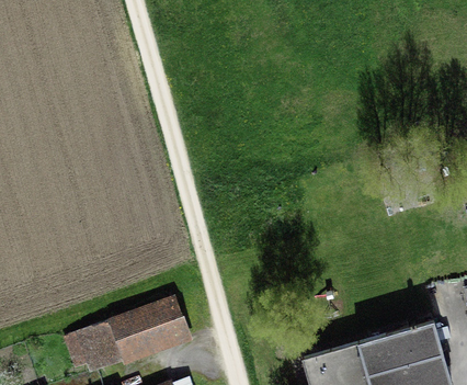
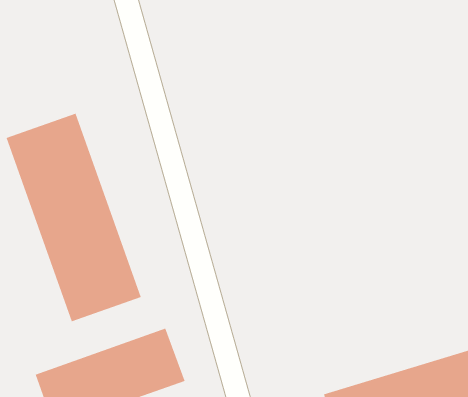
building: none -> [6,113,142,322]

